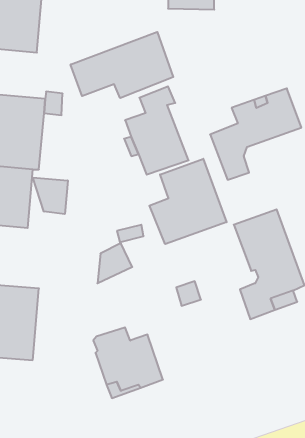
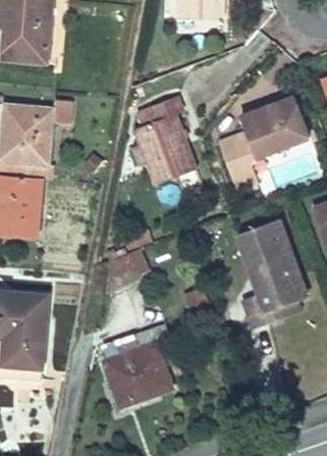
building: [71,32,173,98] -> none
building: [149,159,227,244] -> none
building: [33,177,68,214] -> none

